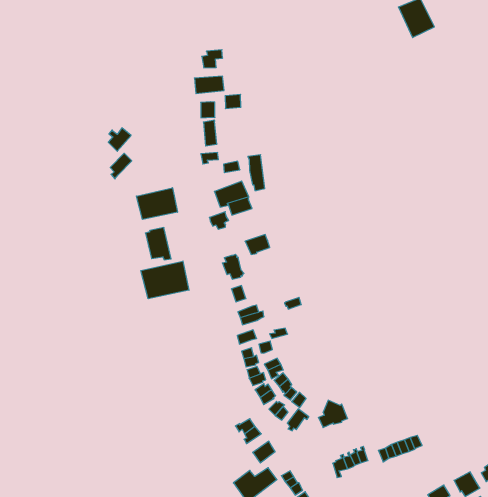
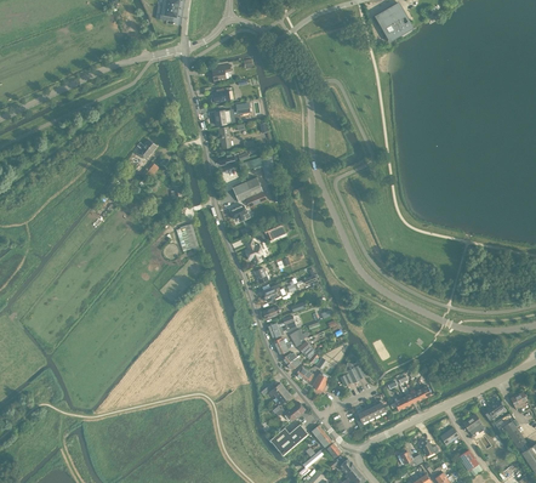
building: [136,188,177,219] -> none
building: [141,261,189,299] -> none

